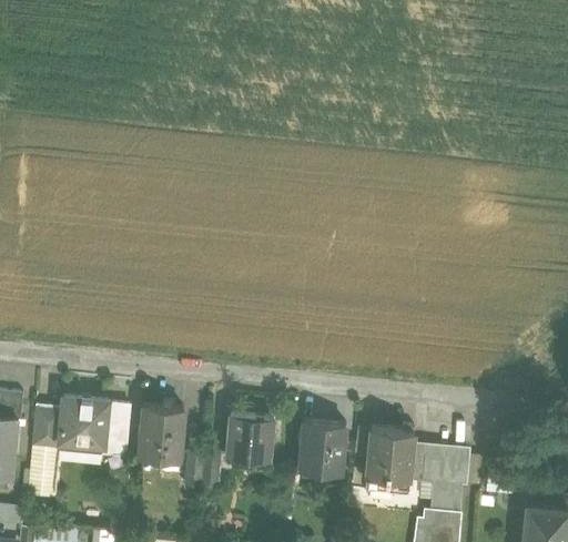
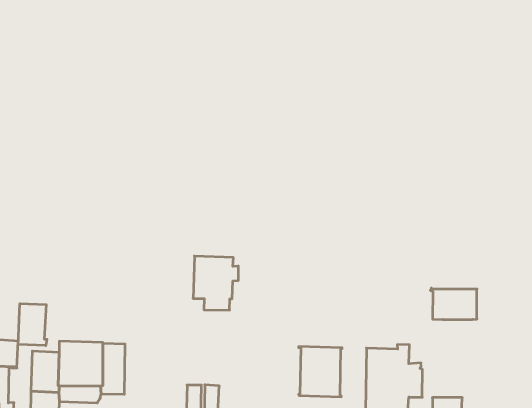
building: none -> [18,304,47,346]
building: [140,405,183,459] -> none
building: [229,413,276,470] -> [193,256,238,310]
building: [423,449,469,483] -> [430,288,477,319]

